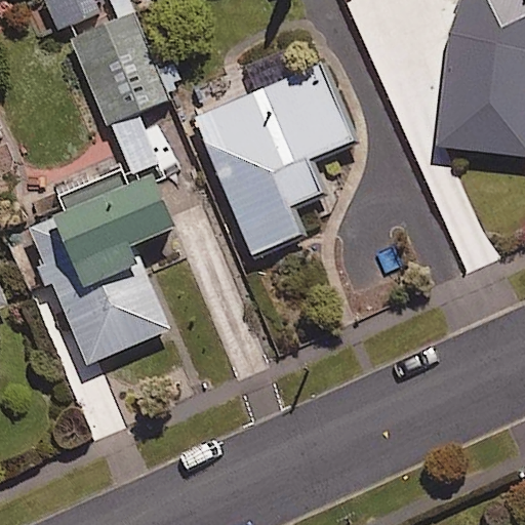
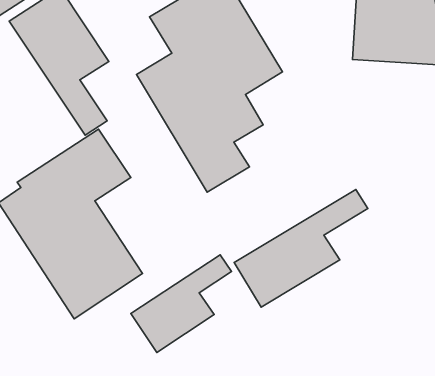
building: none -> [234,189,368,307]
building: none -> [131,255,231,352]

